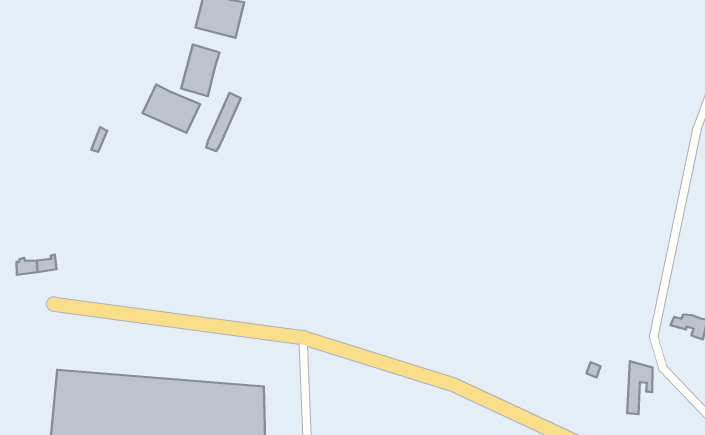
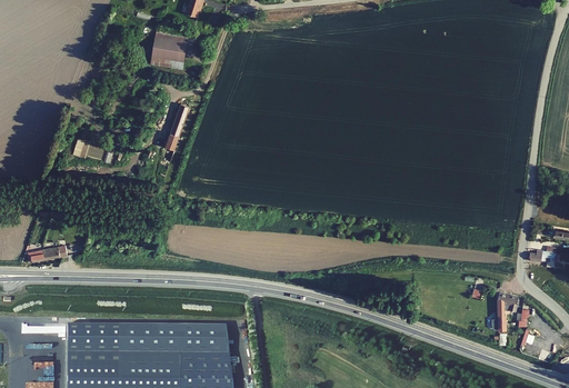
building: [181,45,219,96] -> none
building: [142,84,200,133] -> none

